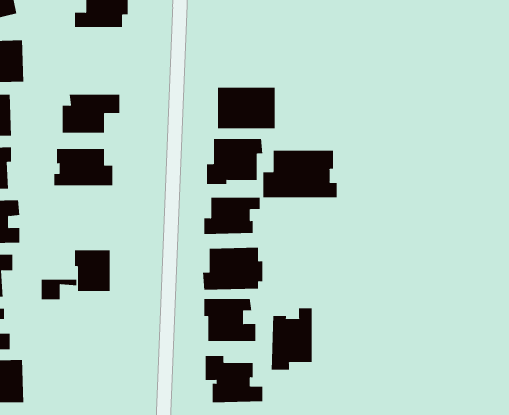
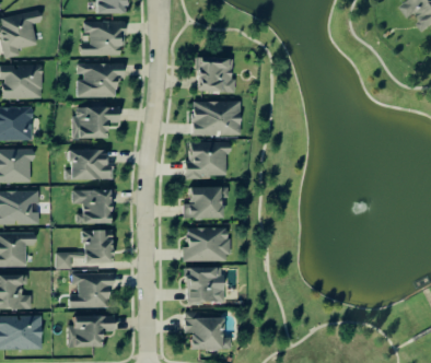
building: none -> [196,57,235,92]
building: none -> [78,63,124,96]
building: [263,150,337,198] -> none
building: none -> [73,190,109,223]
building: none -> [70,273,113,307]
building: [271,307,312,371] -> none
building: none -> [68,316,114,347]

